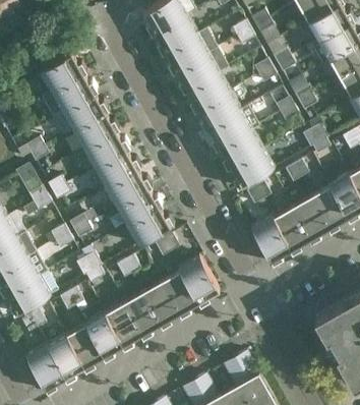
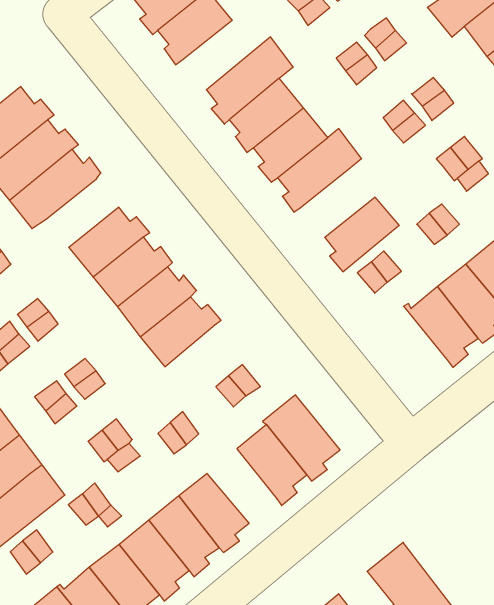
building: [165,30,218,74] -> none
building: [72,113,119,150] -> none
building: [219,130,262,170] -> none
building: [126,208,173,245] -> none
building: [250,215,289,265] -> none
building: [140,281,178,329] -> none

